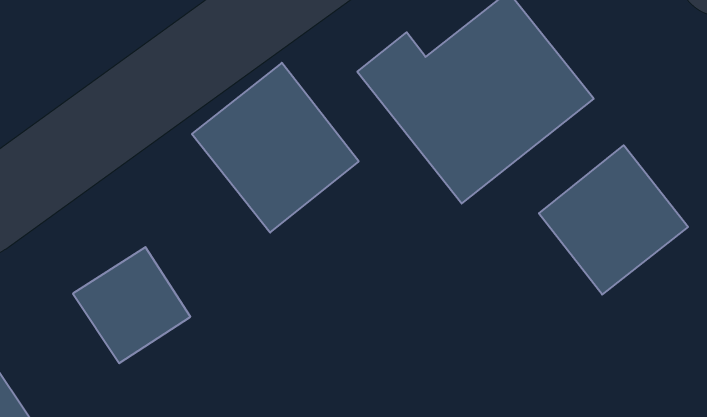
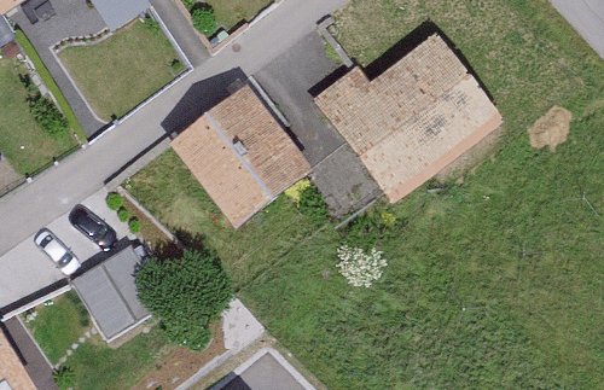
building: [539,145,688,295] -> none

